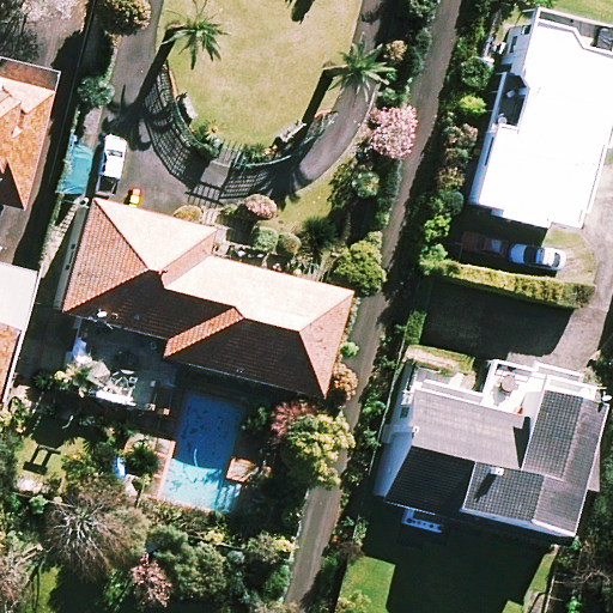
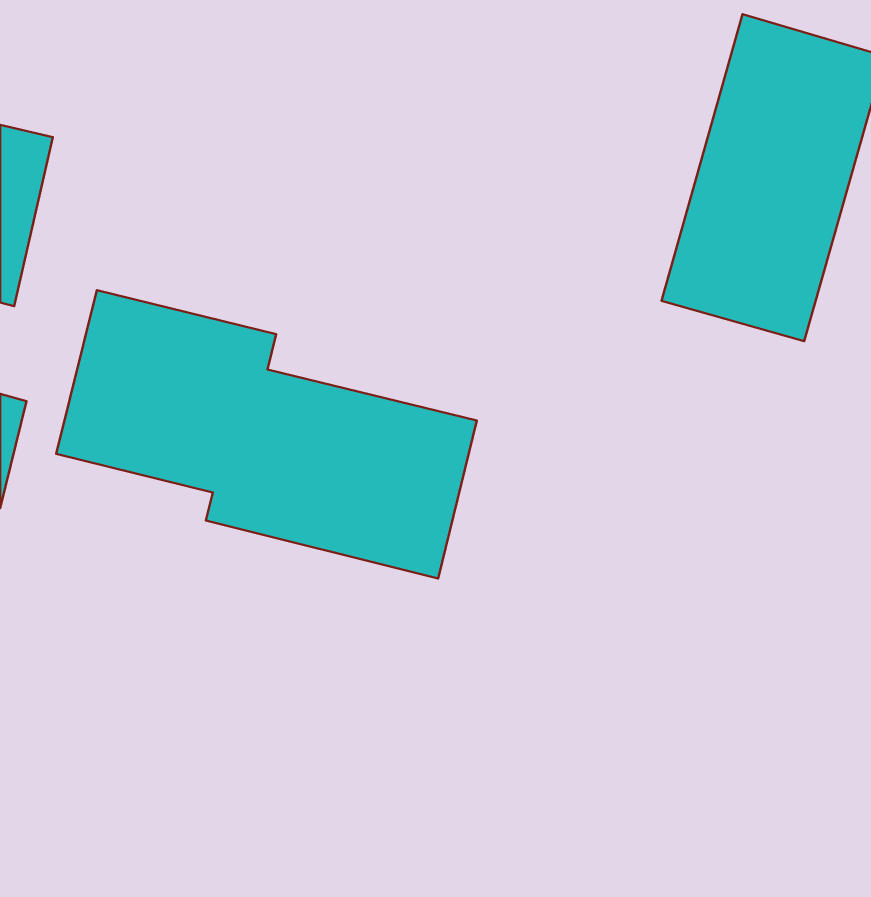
building: [388,387,593,538] -> none

